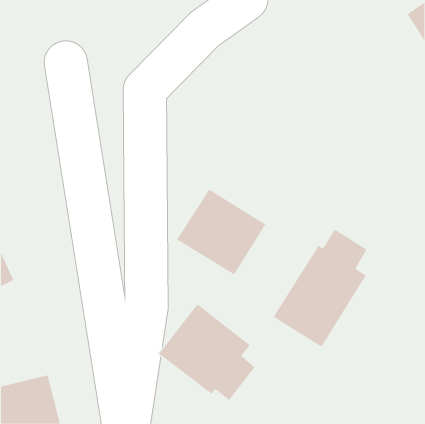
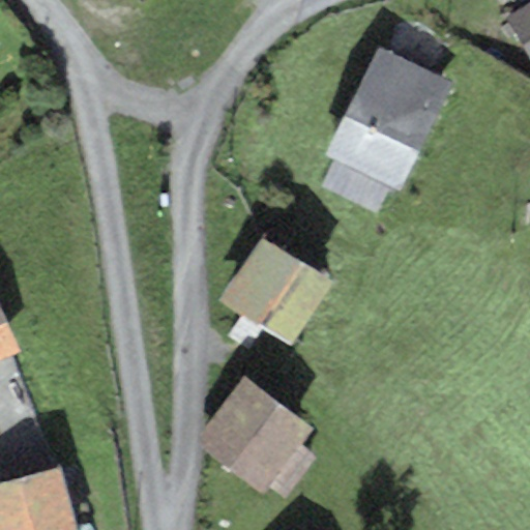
building: none -> [322,48,450,212]
building: [273,229,367,347] -> none

